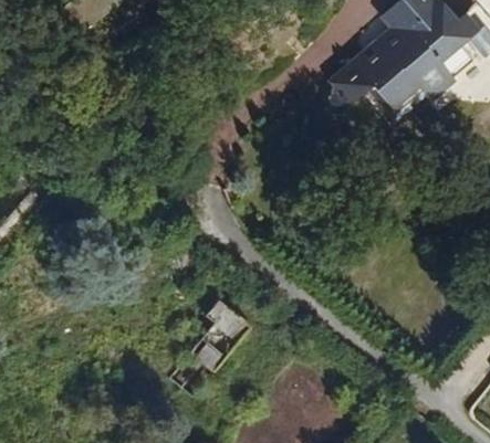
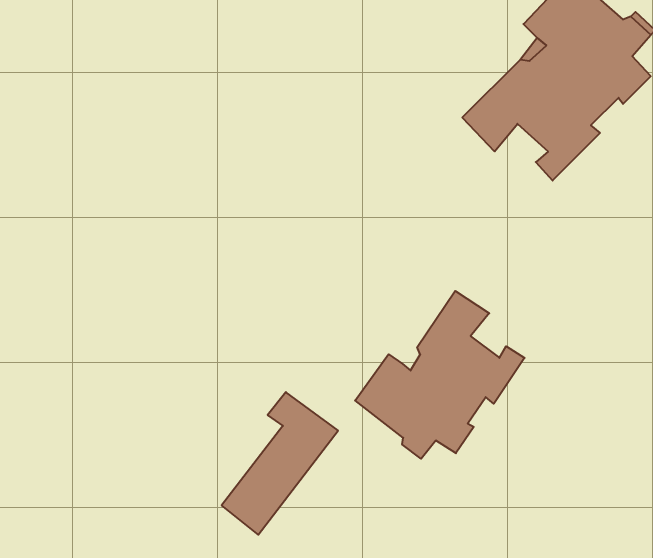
building: none -> [355,291,525,459]

